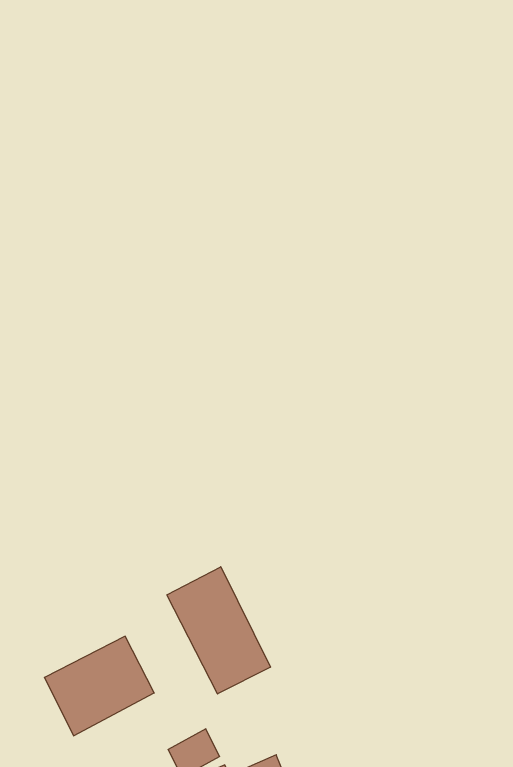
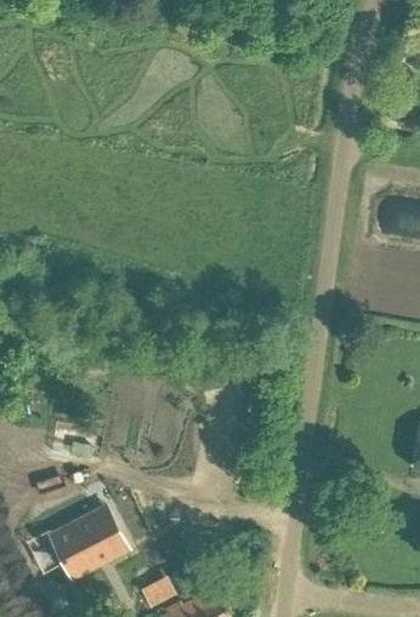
building: [167,567,270,694] -> none

